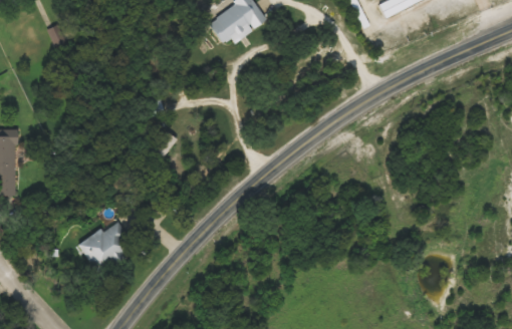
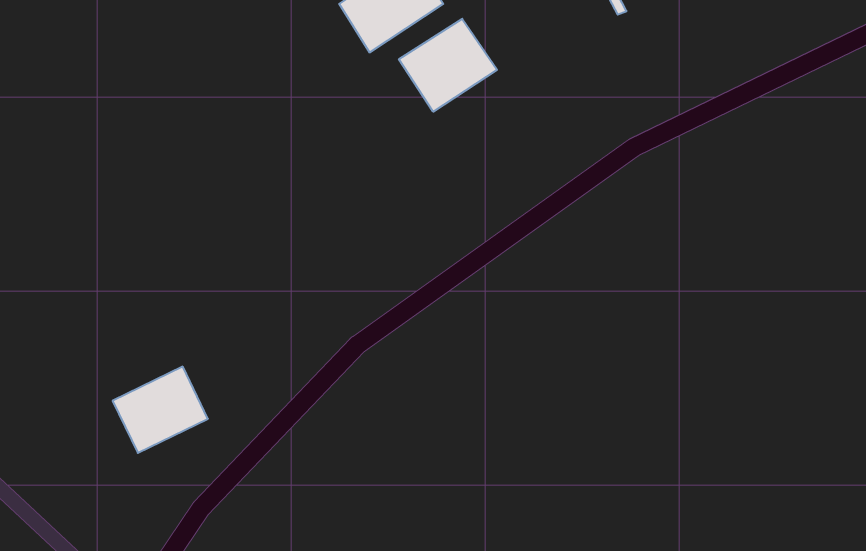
building: none -> [399,19,497,112]

